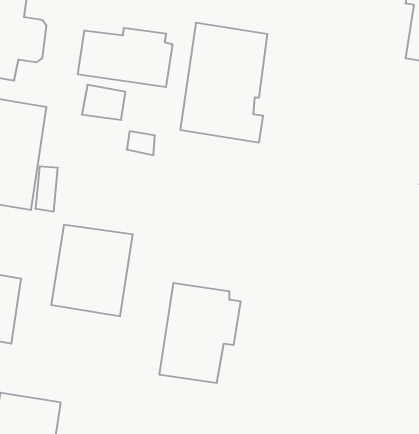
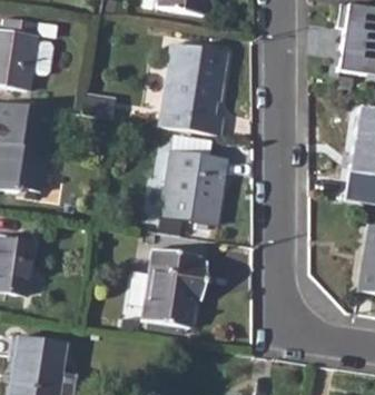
building: [78,28,172,87] -> none
building: [51,225,133,316] -> [161,151,226,224]

